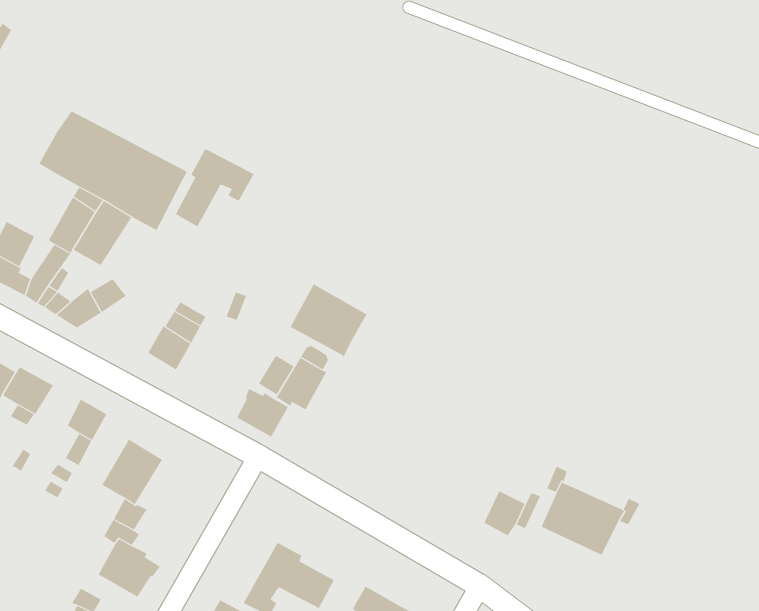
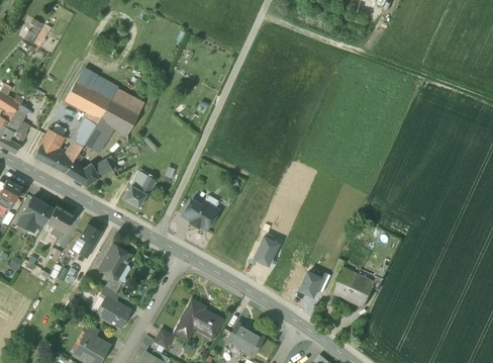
building: [175,148,255,227] -> none
building: [290,283,367,358] -> none
building: [237,388,288,438] -> none
building: none -> [255,238,279,266]

